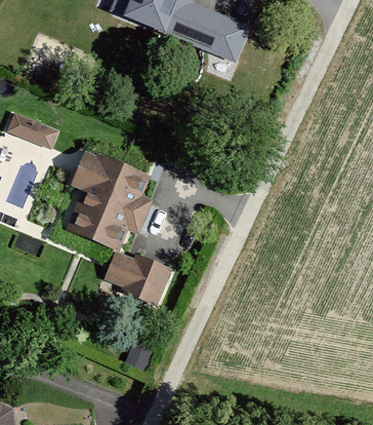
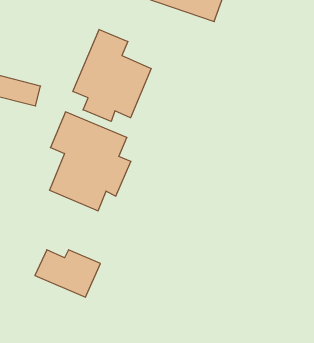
building: none -> [73,29,151,121]
building: [101,258,169,307] -> [35,250,100,297]

